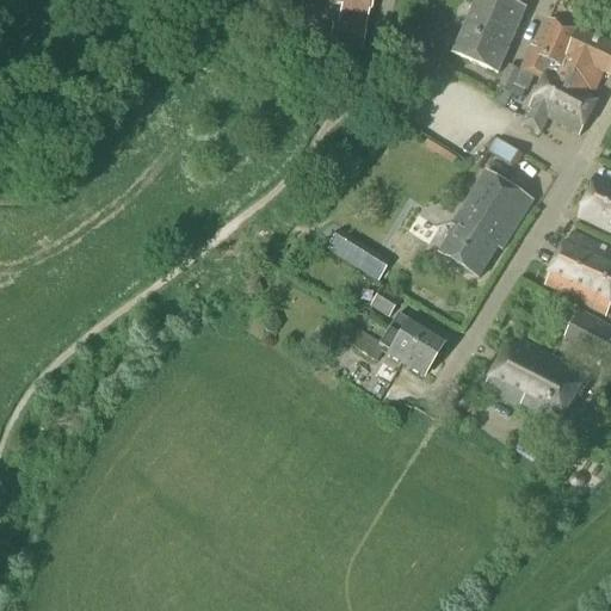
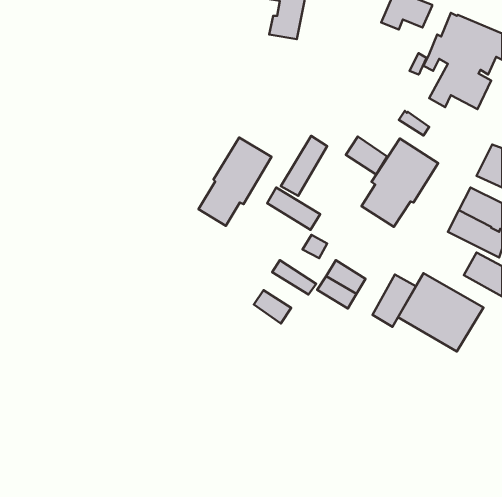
building: [453,24,513,70] -> none
building: none -> [281,136,327,196]
building: none -> [346,136,387,174]
building: none -> [199,137,271,226]
building: none -> [373,275,416,327]
building: none -> [254,290,291,323]

